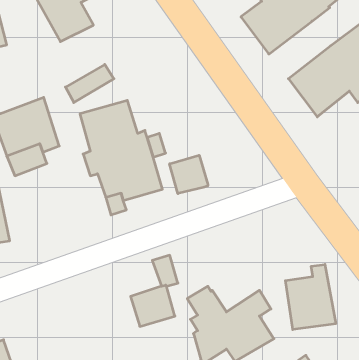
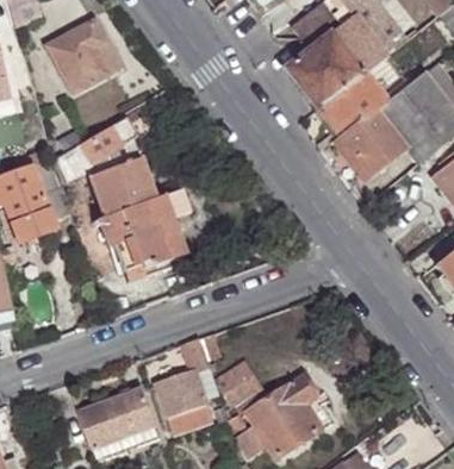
building: none -> [313,68,385,135]
building: [170,155,208,194] -> none
building: [285,264,336,330] -> none
building: none -> [79,389,156,450]

